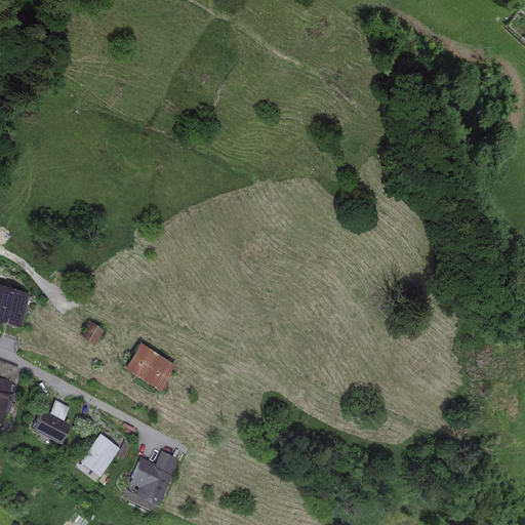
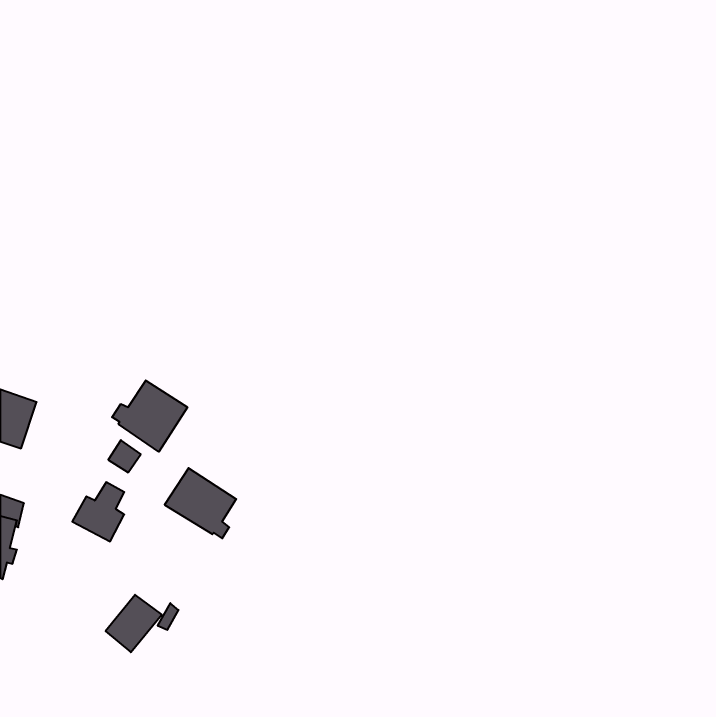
building: none -> [112,380,187,452]
building: [31,401,69,444] -> [72,482,124,541]
building: [128,453,176,506] -> none

